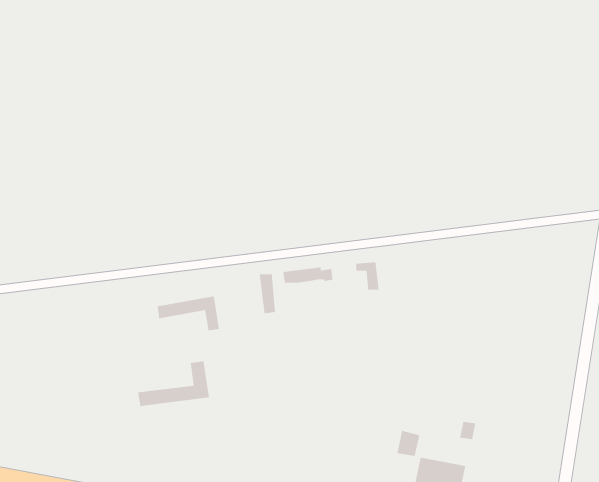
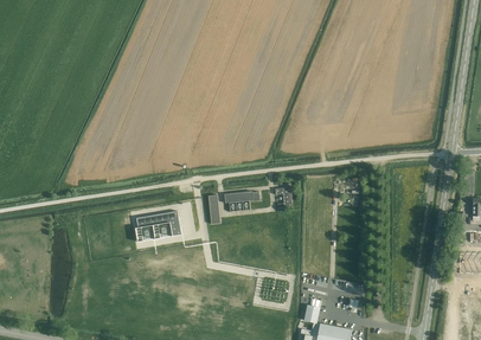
building: [137,360,210,407] -> none

